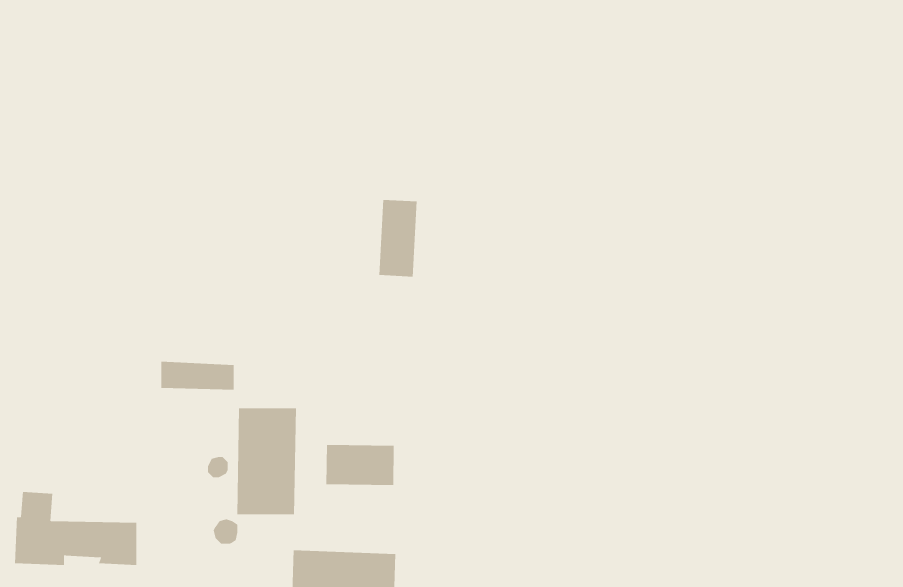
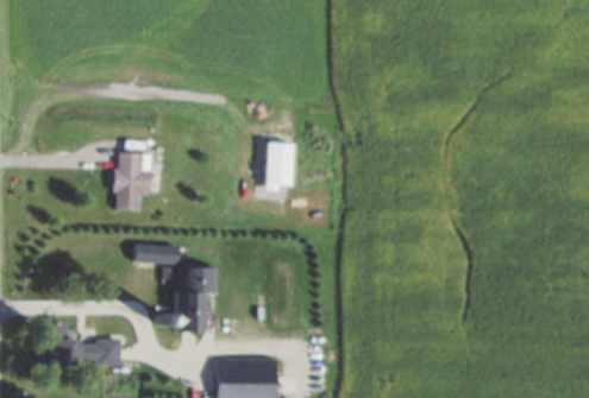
building: none -> [114,153,151,211]
building: [326,444,394,486] -> none

